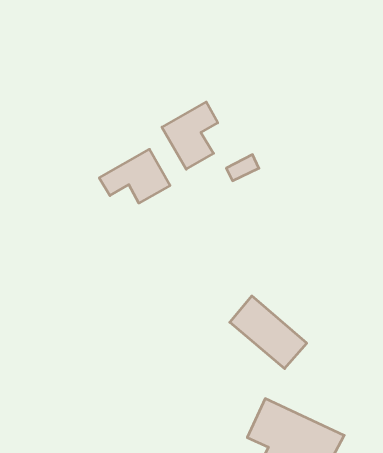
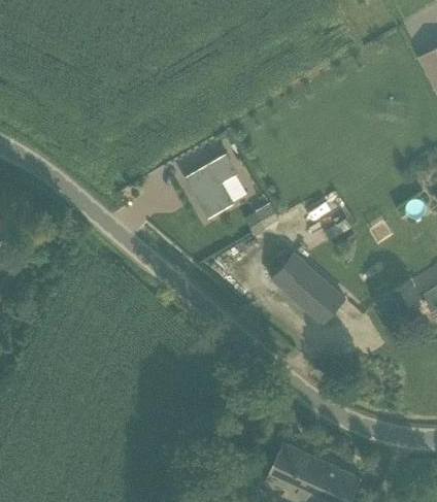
building: [99,149,170,203] -> none
building: [230,296,307,369] -> [270,254,345,325]

